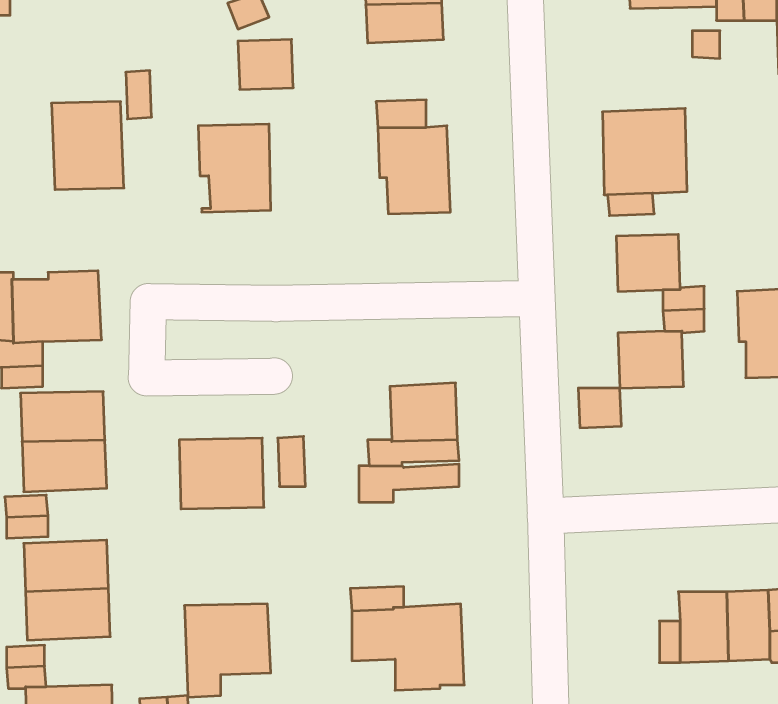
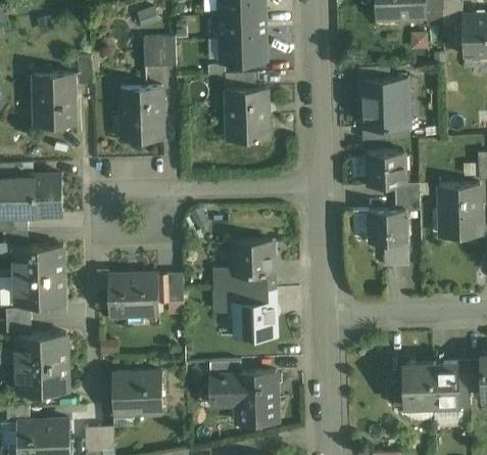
building: none -> [220,38,265,63]
building: [578,388,621,428] -> [383,244,408,268]
building: none -> [235,303,275,337]

